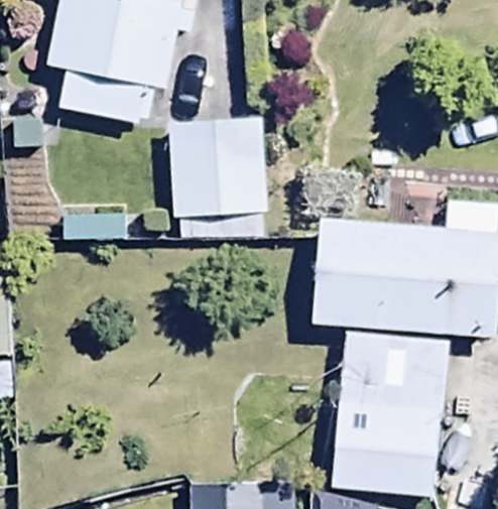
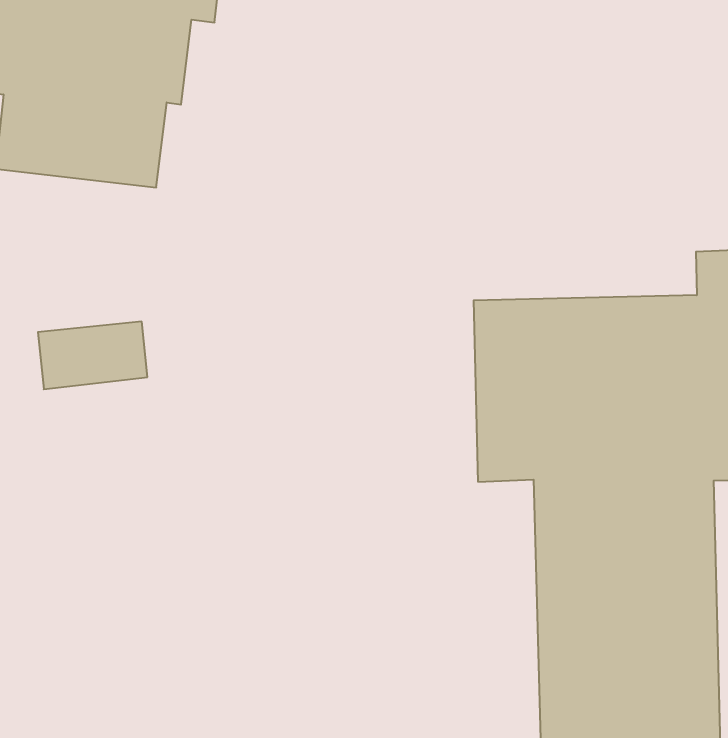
building: [168,121,267,239] -> none

